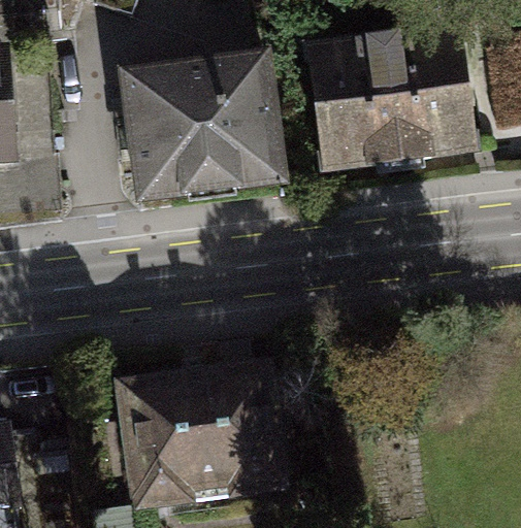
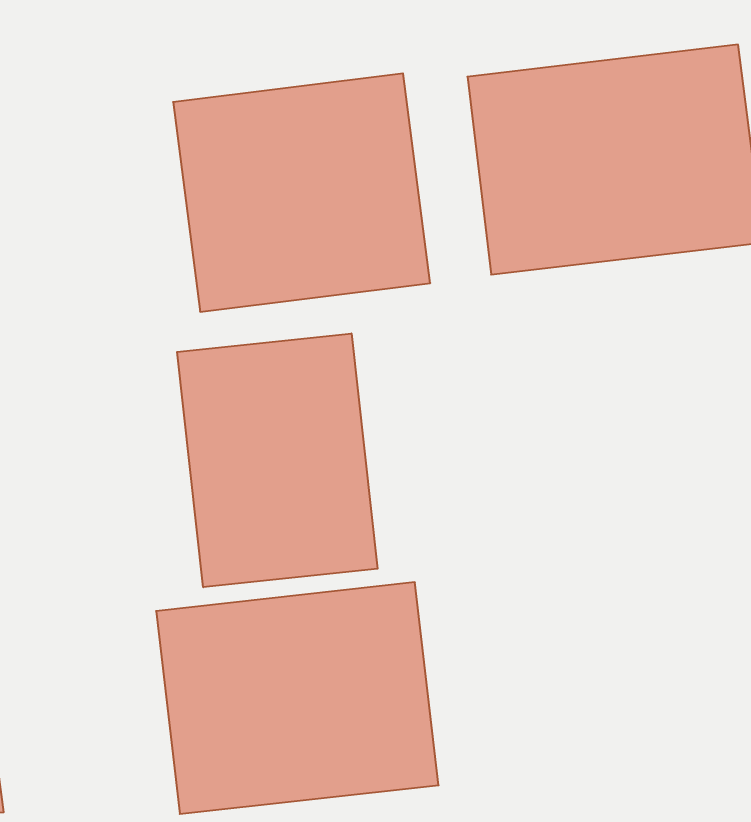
building: none -> [177,333,378,587]

